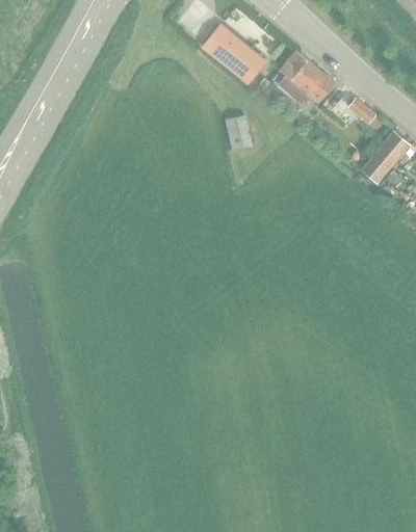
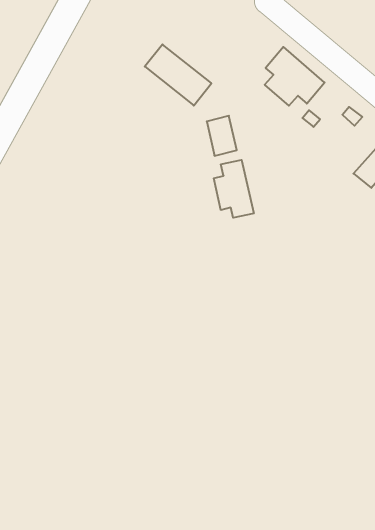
building: [202,25,264,82] -> [145,44,211,106]
building: none -> [214,160,254,218]

